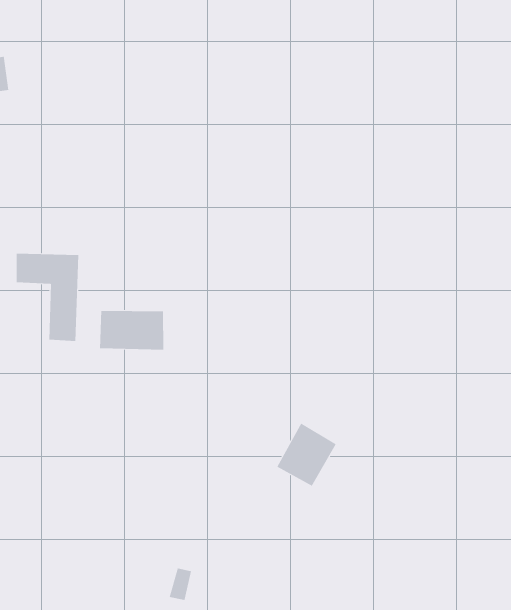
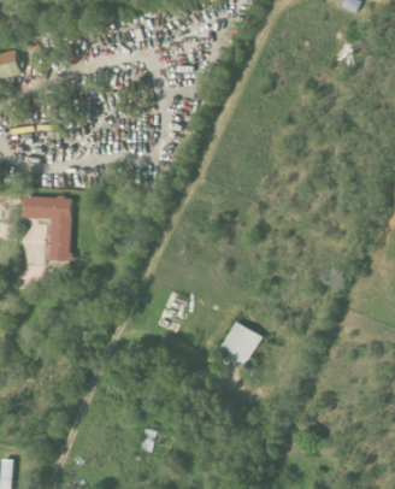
building: [99,310,164,350] -> none

